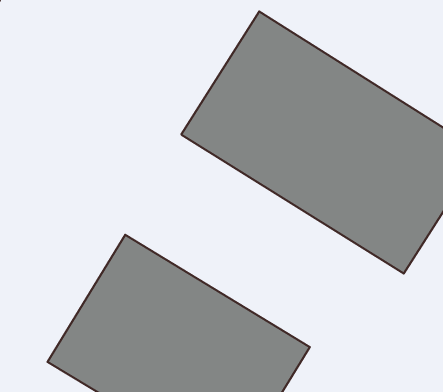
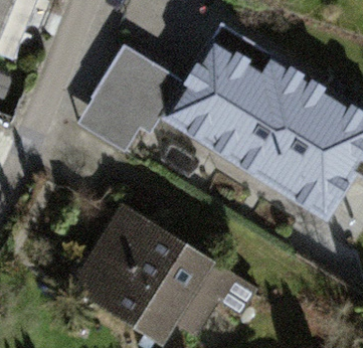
building: none -> [77,31,182,144]

